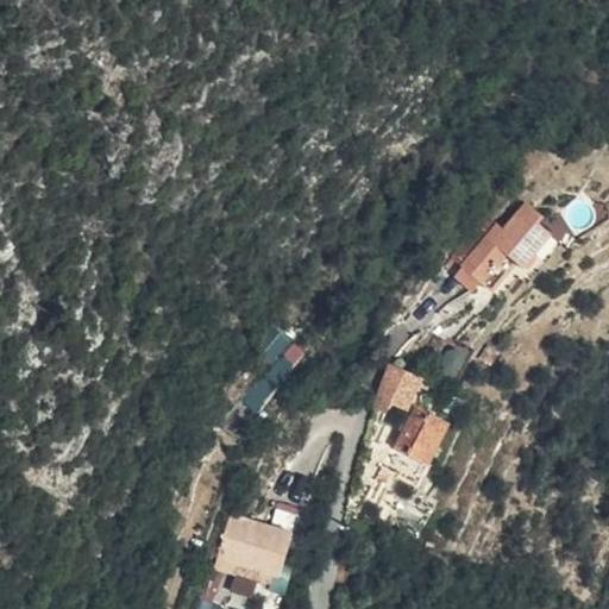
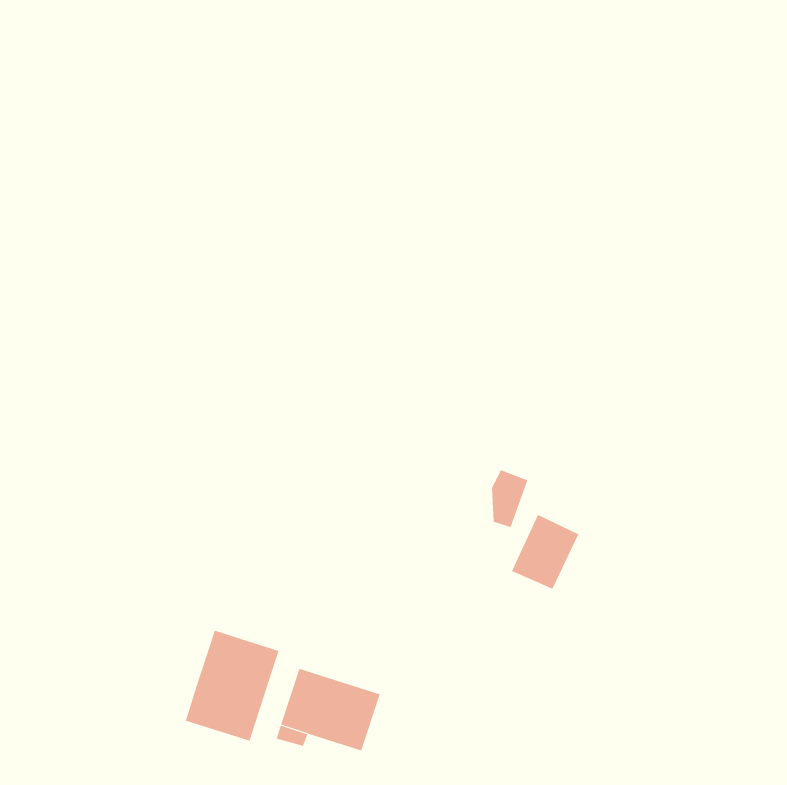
building: [456,205,546,295] -> none
building: none -> [185,630,279,742]

